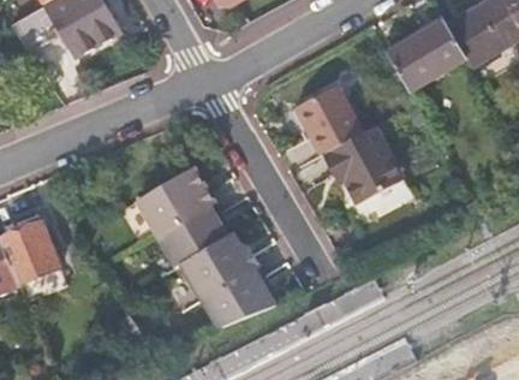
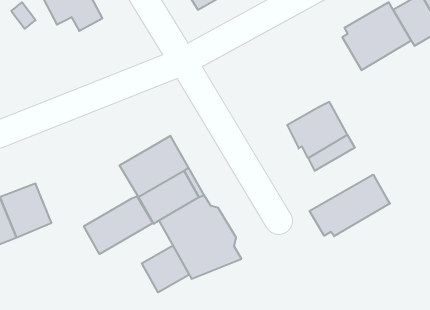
building: [294,88,362,158] -> none
building: none -> [310,175,390,236]
building: none -> [84,196,153,254]
building: none -> [142,246,189,292]

